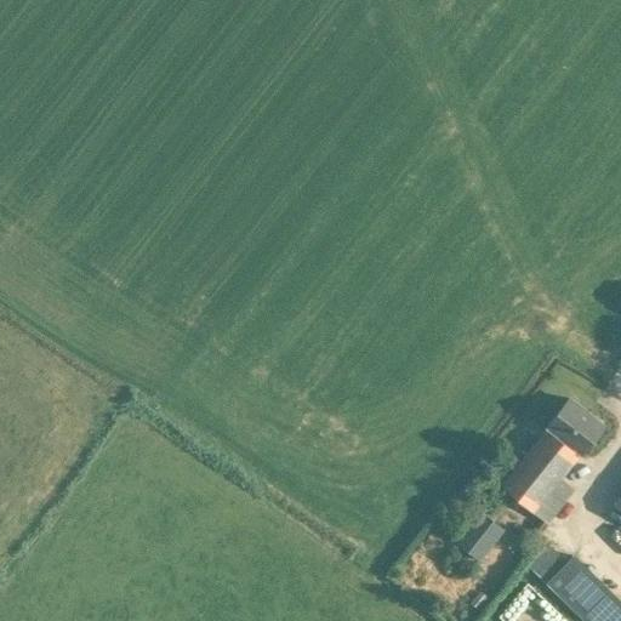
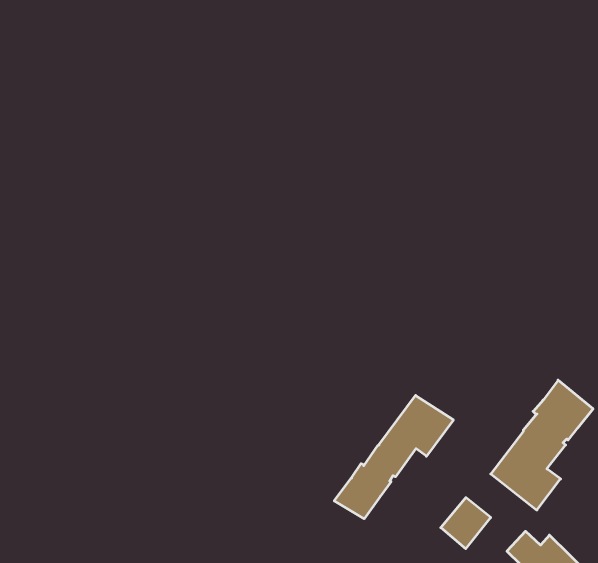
building: none -> [334,395,453,519]

